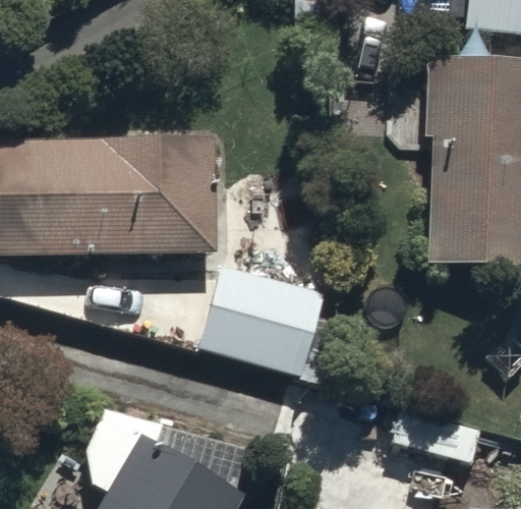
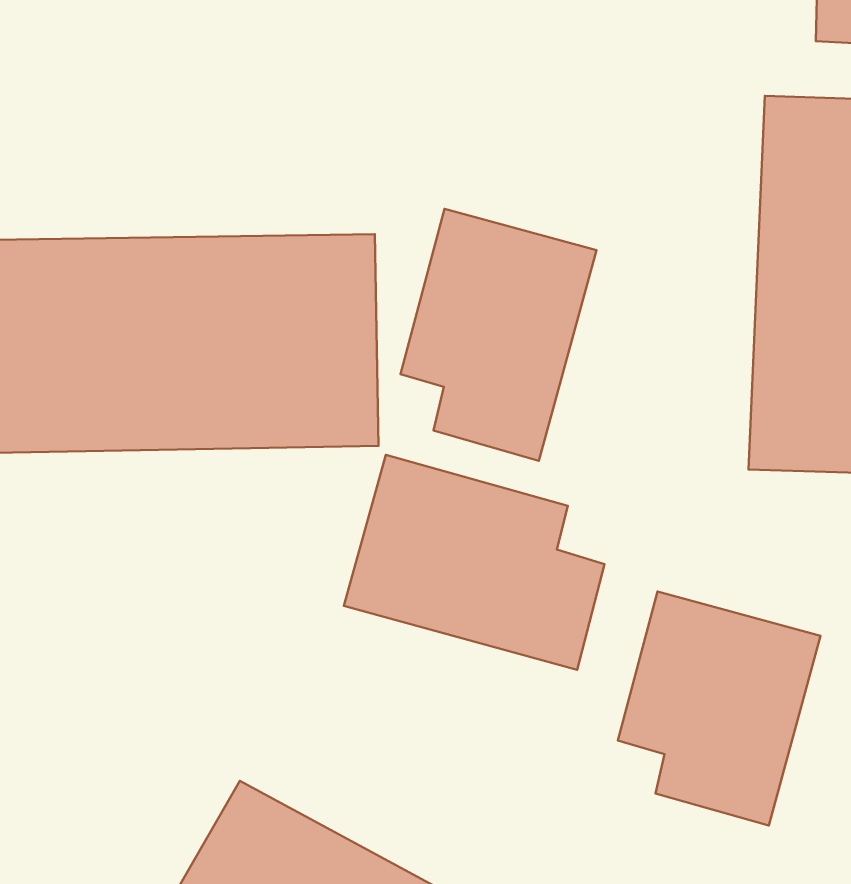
building: none -> [400,209,596,461]
building: none -> [618,592,821,826]

